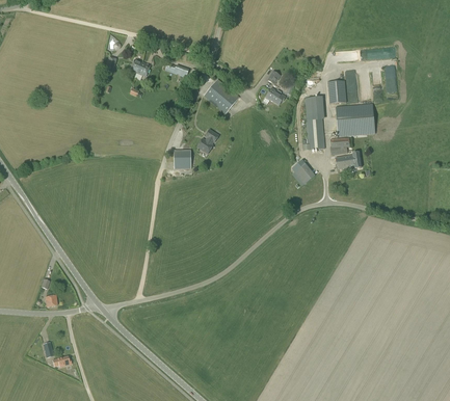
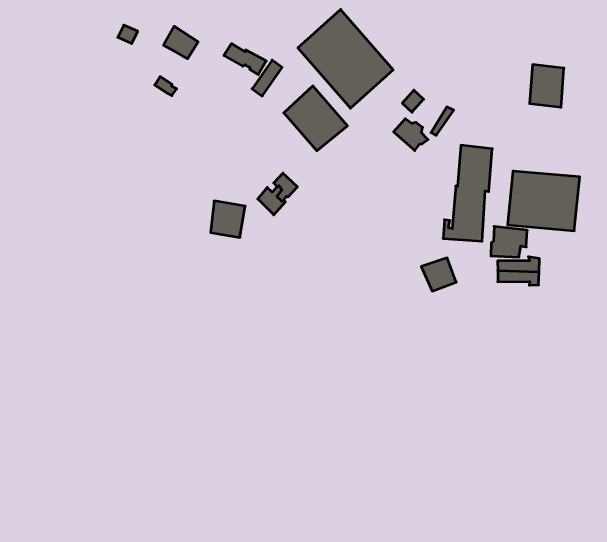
building: none -> [298,9,393,108]
building: [326,80,346,103] -> [530,65,564,107]

